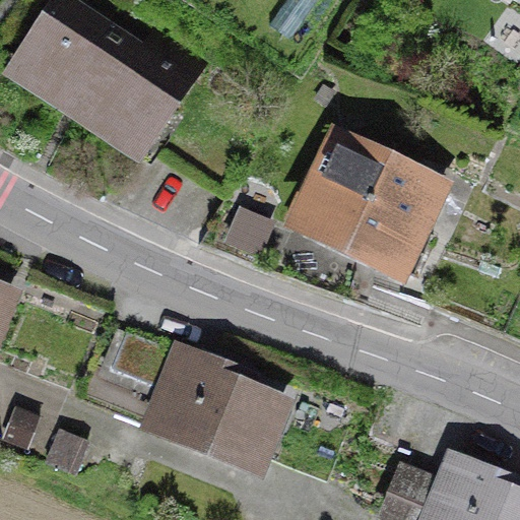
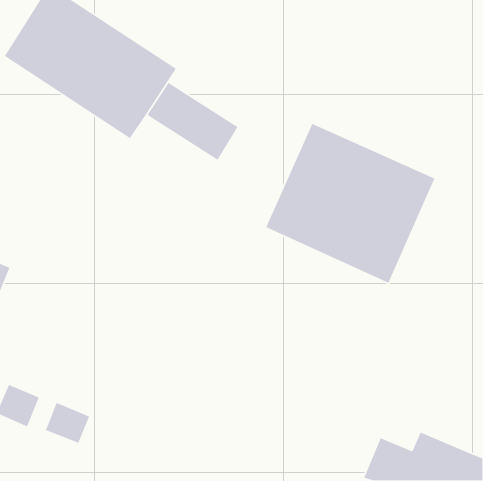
building: [103,322,278,458] -> none

